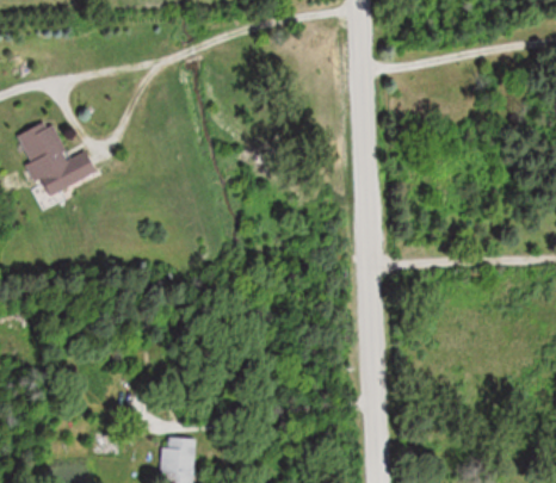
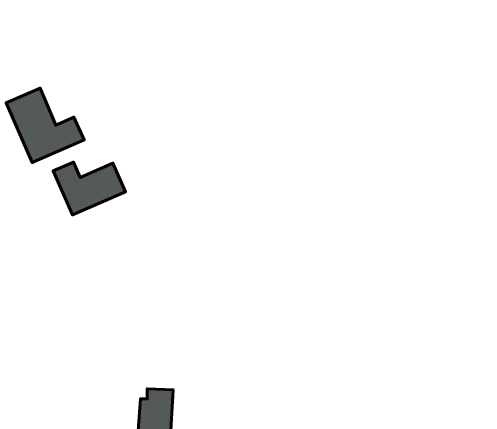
building: none -> [53,162,125,215]

